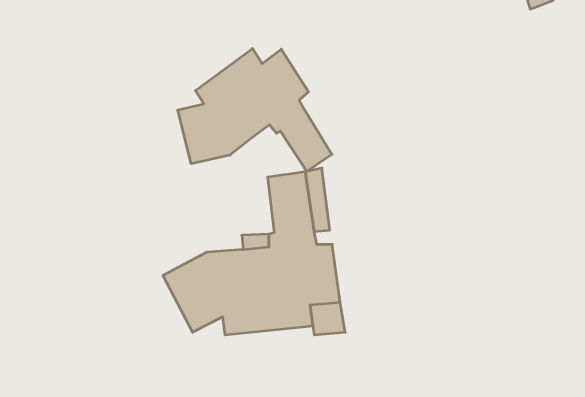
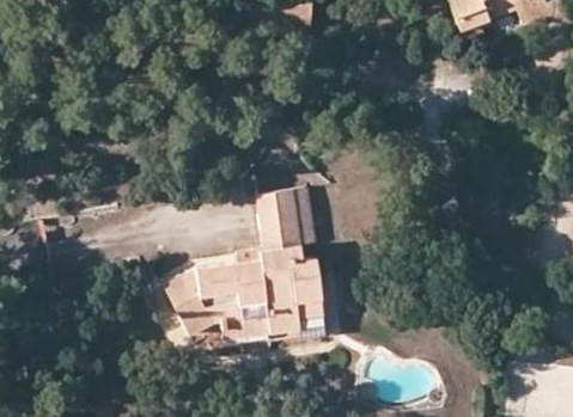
building: [178,48,332,172] -> none

